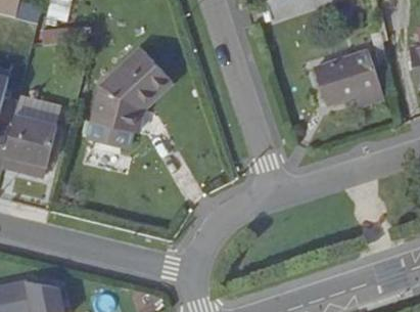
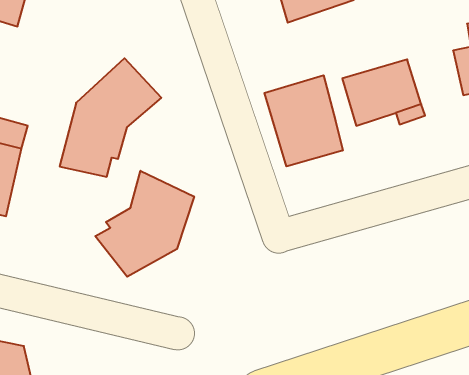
building: none -> [264,75,343,166]
building: none -> [95,171,194,277]

